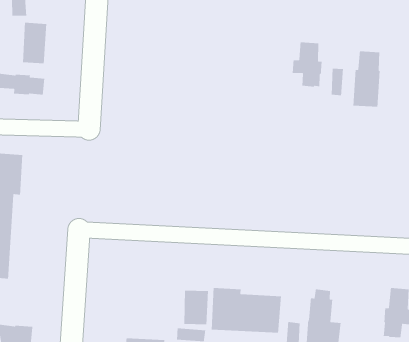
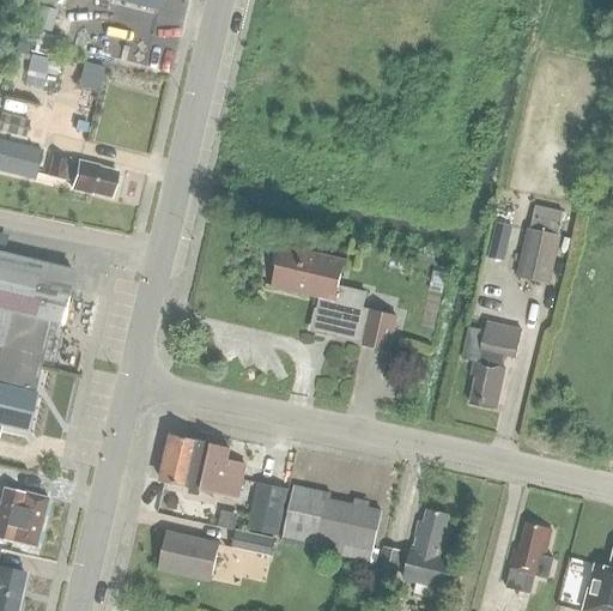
building: [22,22,47,64] -> none
building: [292,41,322,87] -> none
building: none -> [271,244,395,350]
building: none -> [460,320,521,407]
building: none -> [160,434,244,497]

